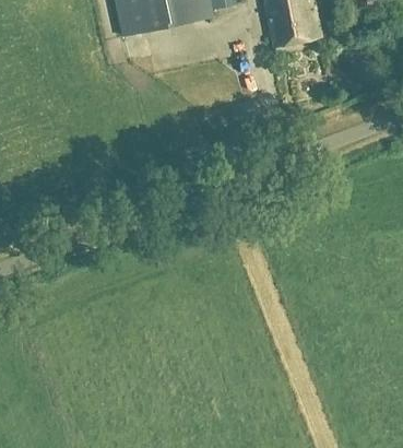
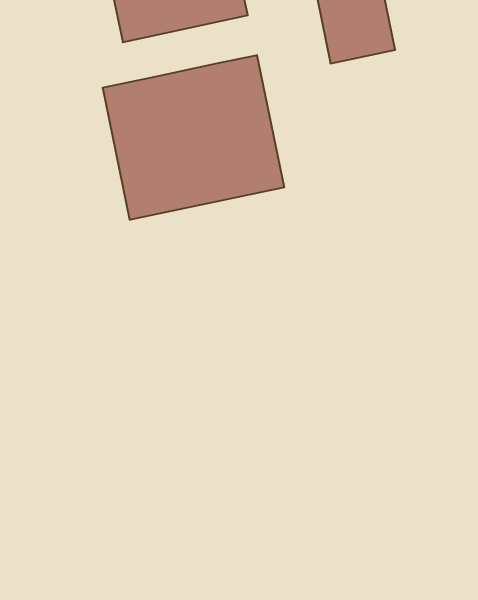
building: none -> [103,55,284,220]

